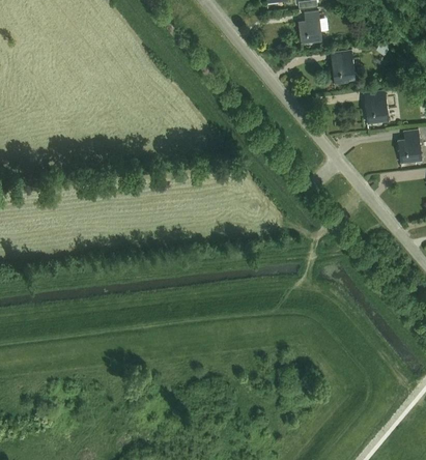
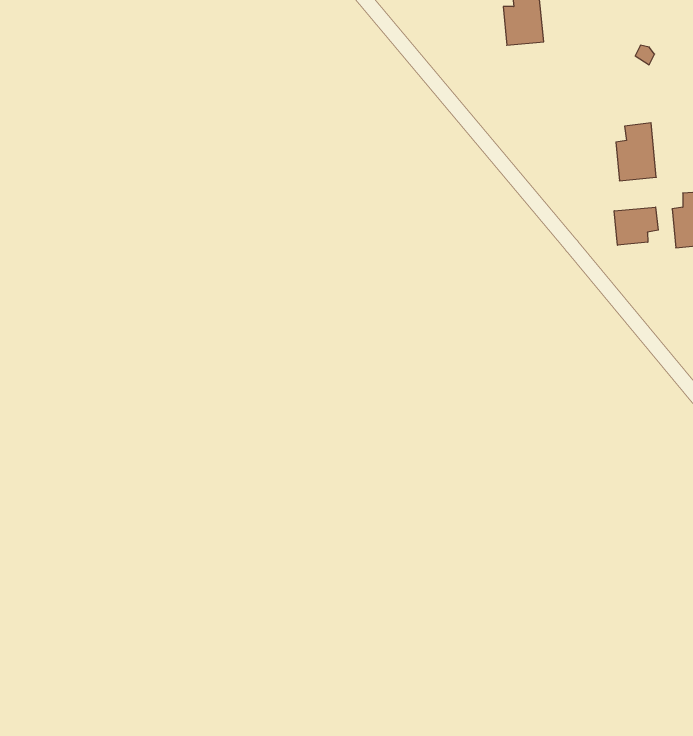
building: [331,50,354,83] -> none
building: none -> [614,207,658,245]

